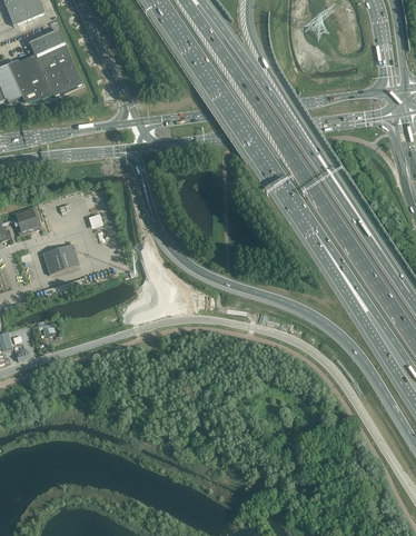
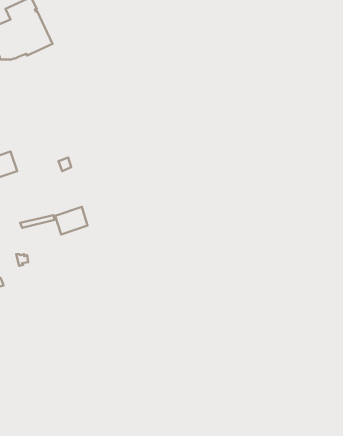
building: [43,242,80,274] -> [55,207,88,234]

